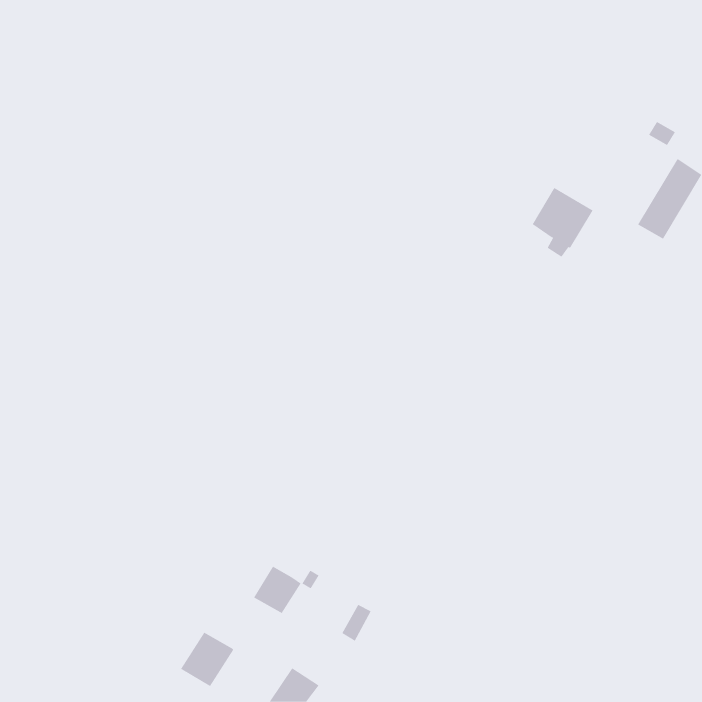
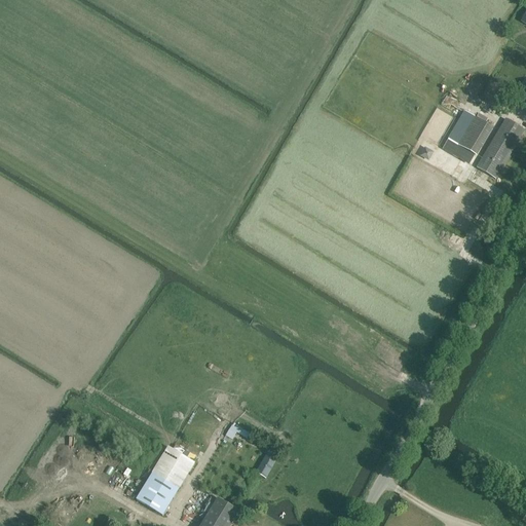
building: [532,187,594,257] -> [447,111,493,163]
building: [253,566,301,614] -> [152,448,188,484]

